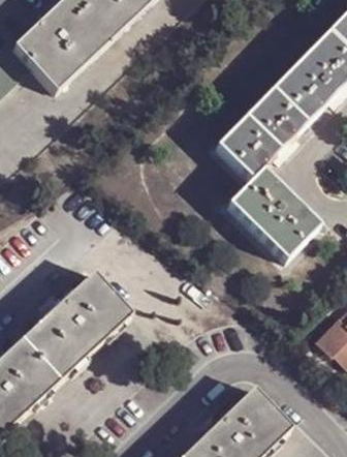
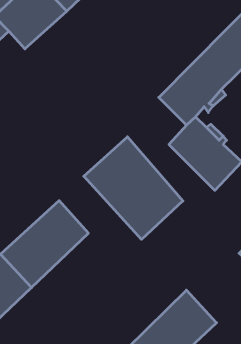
building: none -> [84,137,183,239]

